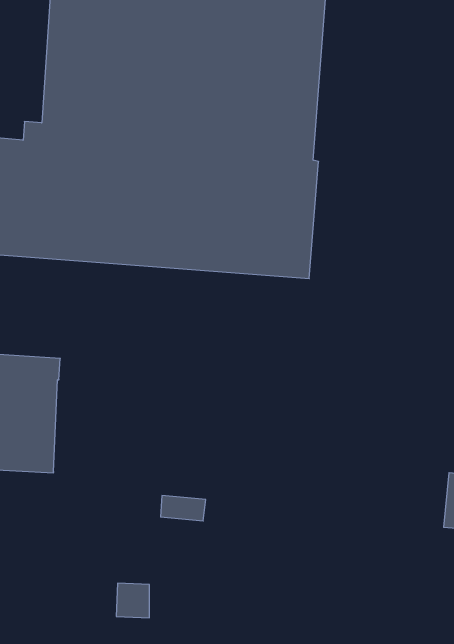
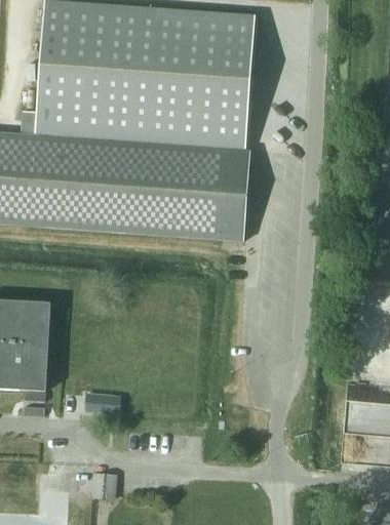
building: [161,496,206,521] -> [85,394,120,413]

